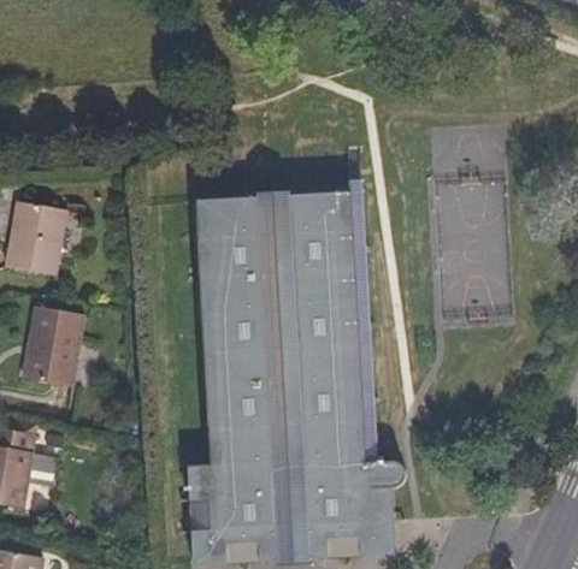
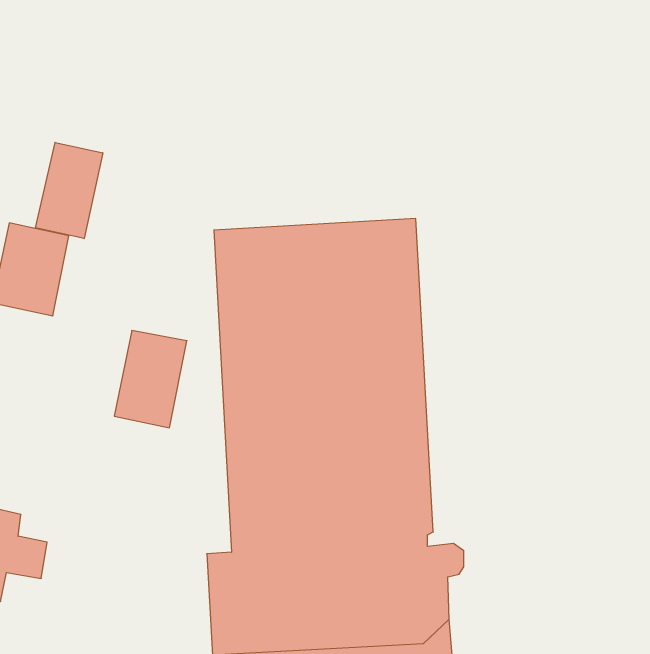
building: none -> [35,142,103,239]
building: [24,302,84,383] -> [114,331,187,428]

